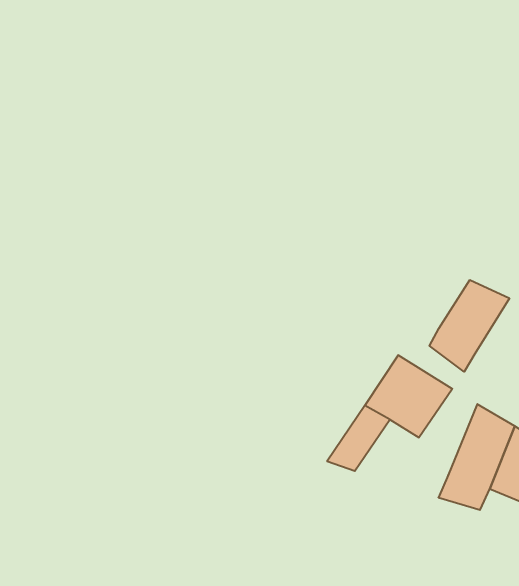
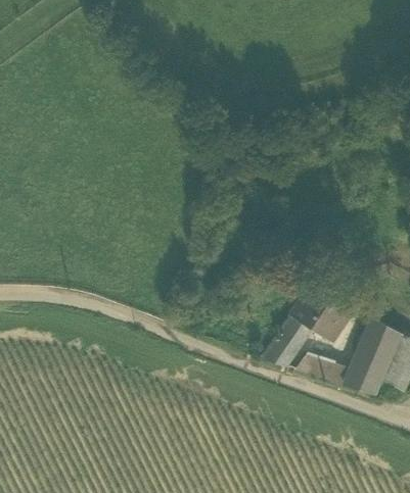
building: [429,280,509,372] -> none
building: none -> [301,352,352,386]

